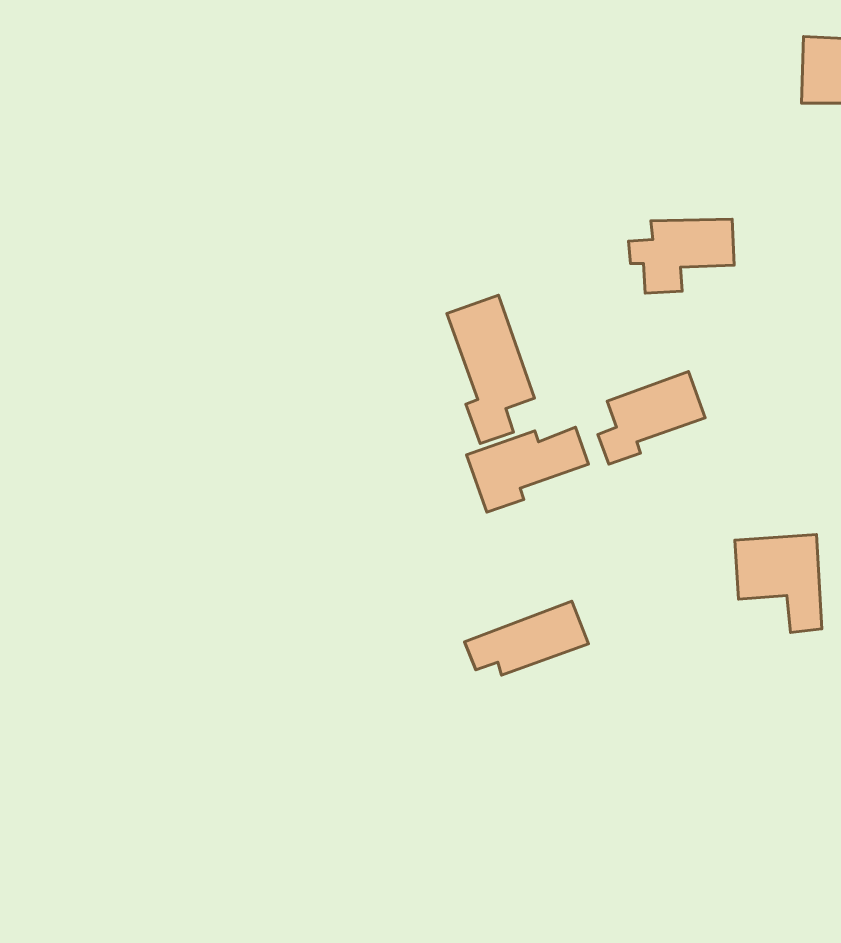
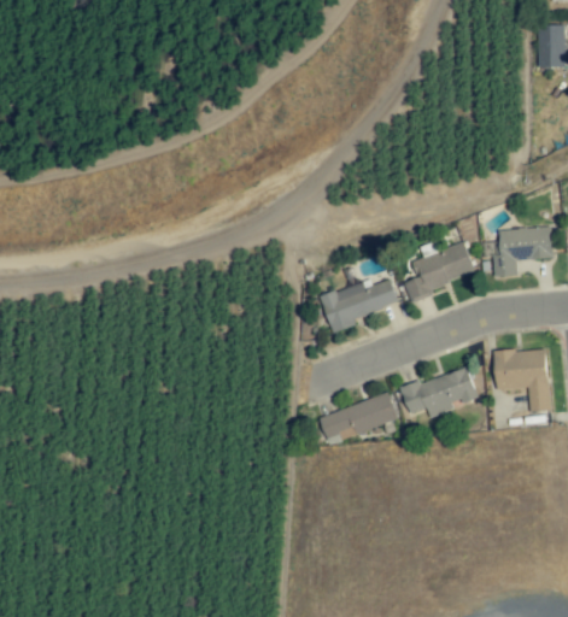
building: [629,219,734,293] -> [484,228,552,276]
building: [447,295,535,444] -> none
building: none -> [400,368,478,418]

